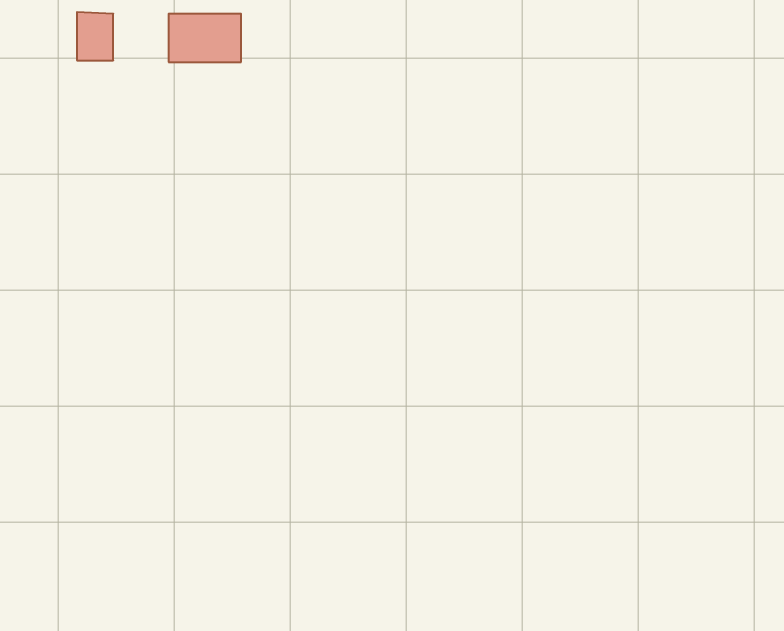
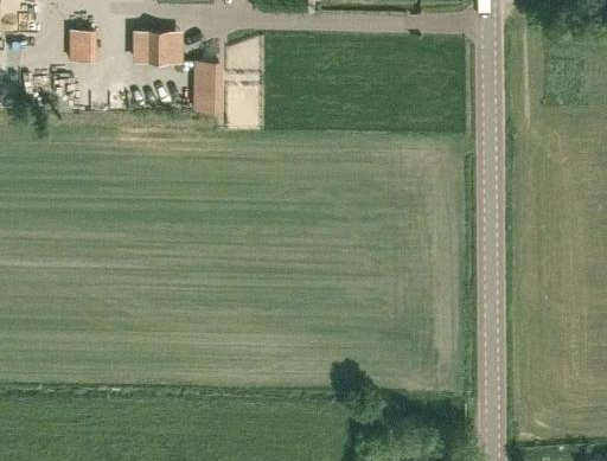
building: none -> [197,63,221,114]

